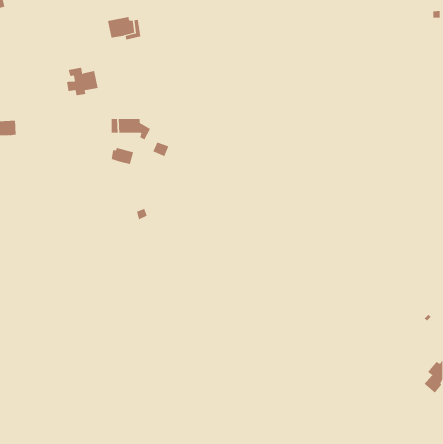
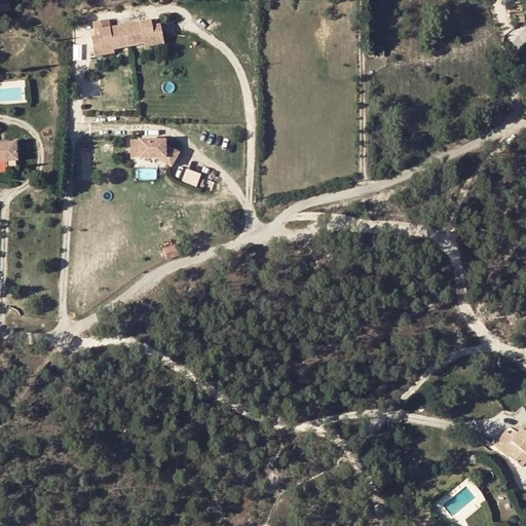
building: [66,67,98,96] -> [92,21,130,54]
building: [111,147,134,165] -> none

